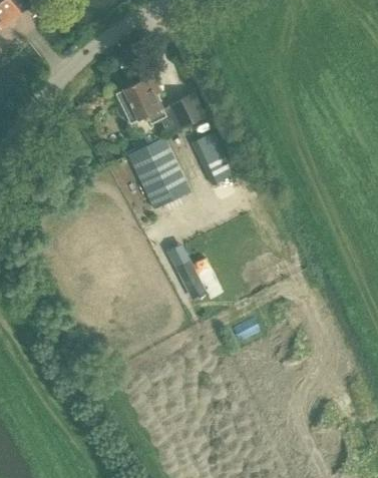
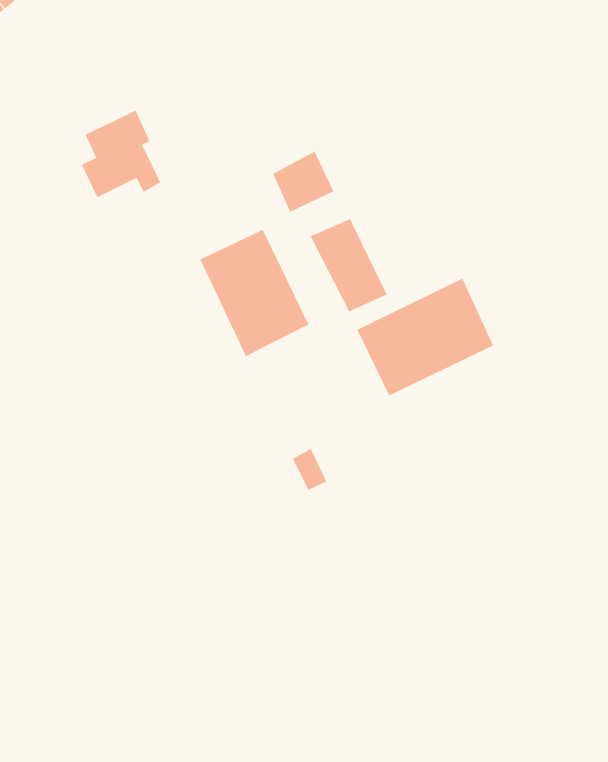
building: [120,74,165,124] -> [81,109,161,199]
building: none -> [356,277,494,396]

